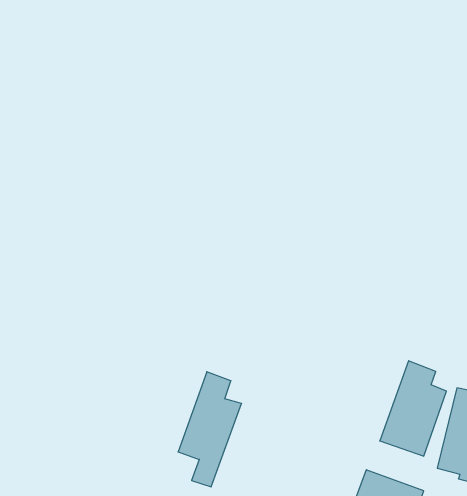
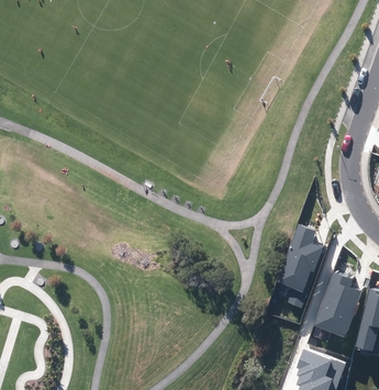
building: [178,372,242,487] -> [277,224,323,308]

